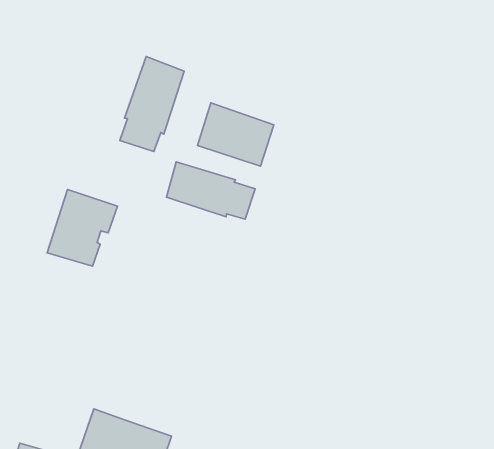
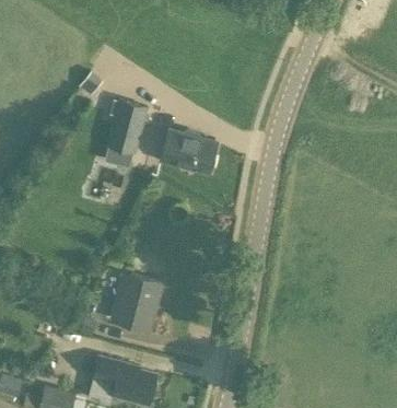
building: [166,162,255,219] -> none
building: [47,190,117,266] -> [113,273,162,328]

